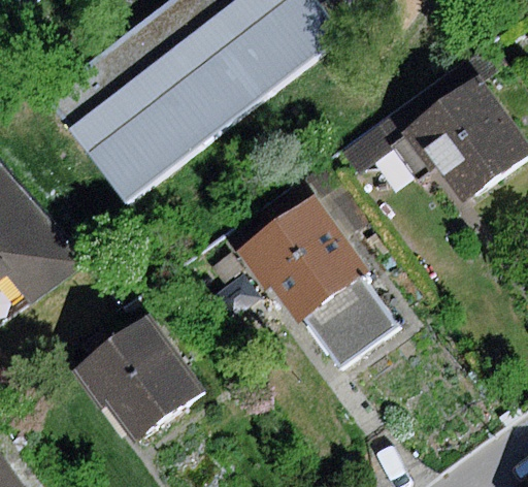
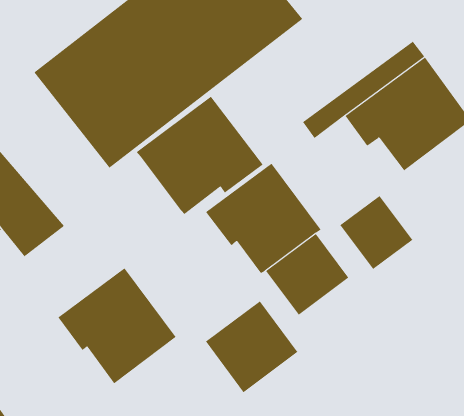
building: none -> [136,96,264,215]
building: none -> [340,195,413,270]
building: none -> [205,301,298,393]

